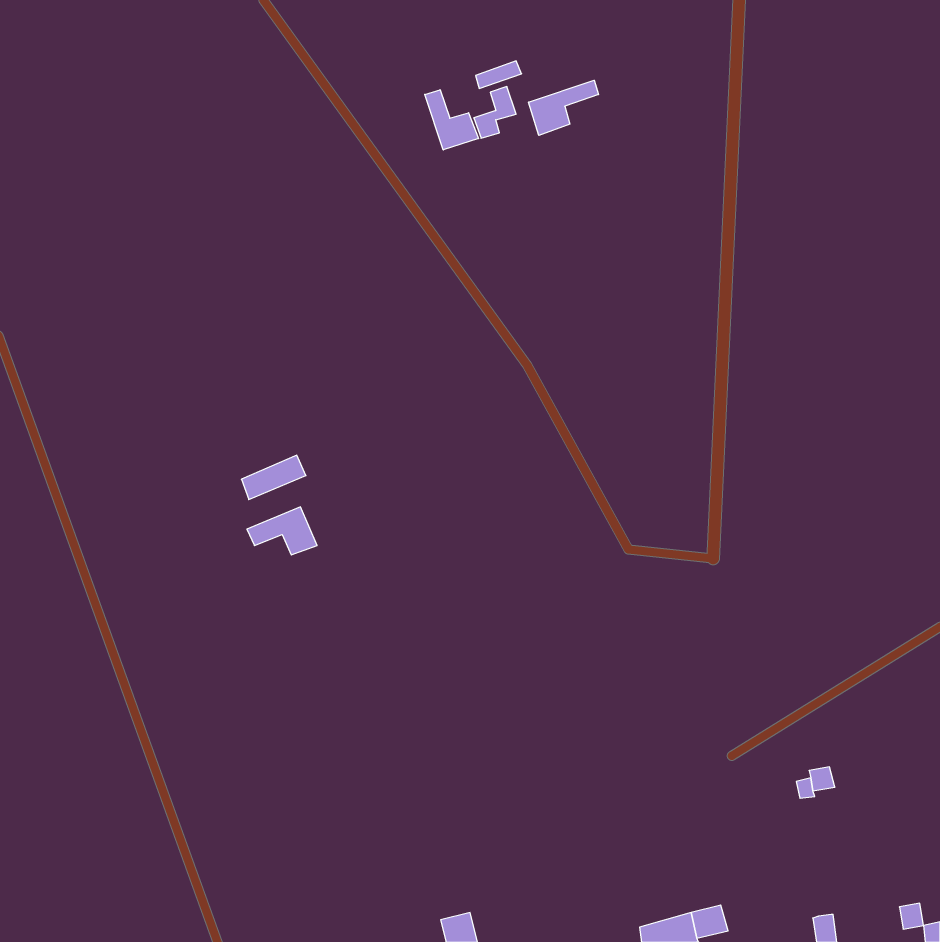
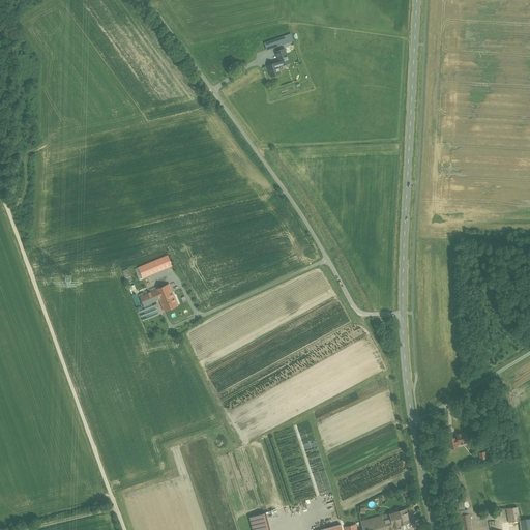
building: [529,80,598,135] -> none
building: [425,90,478,150] -> none

